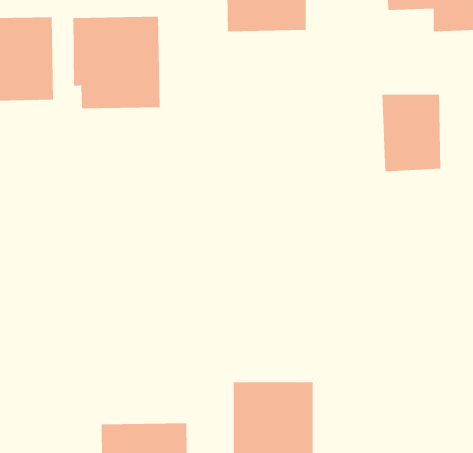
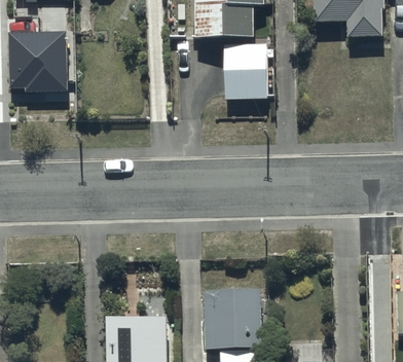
building: [72,16,160,109] -> none
building: [382,94,441,172] -> [226,43,269,100]

